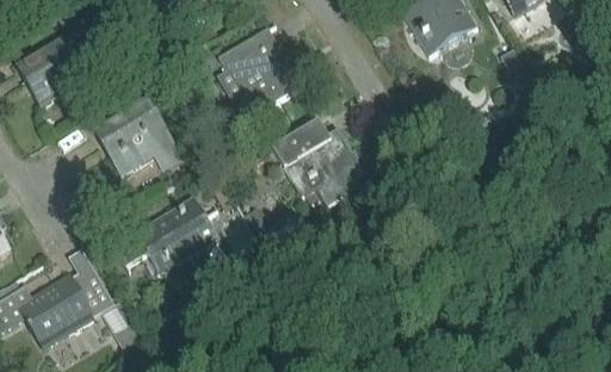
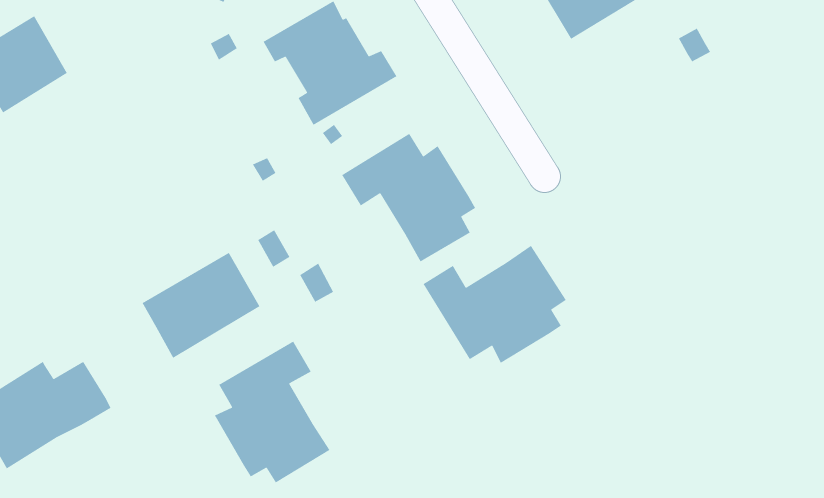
building: [94,99,180,173] -> none
building: none -> [423,245,567,364]
building: none -> [214,341,330,483]

